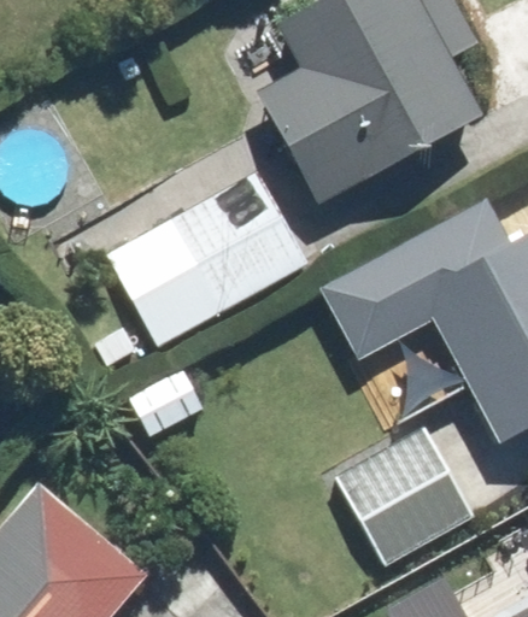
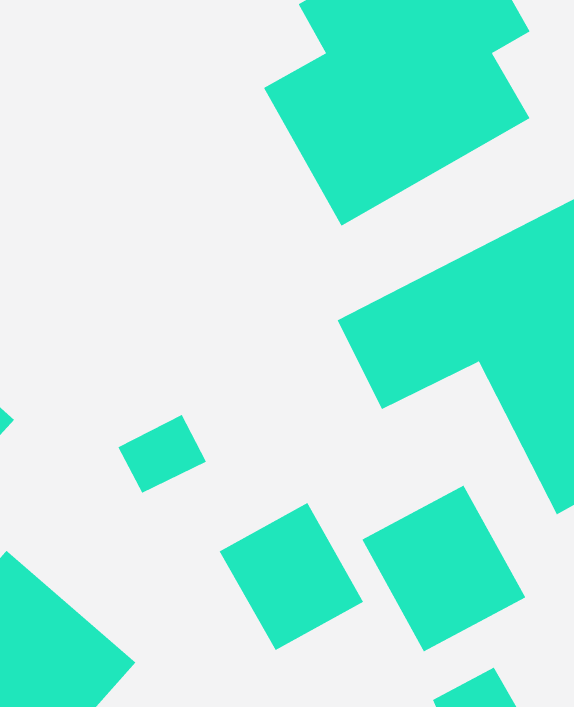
building: [105,170,312,349] -> none
building: none -> [219,502,364,651]

